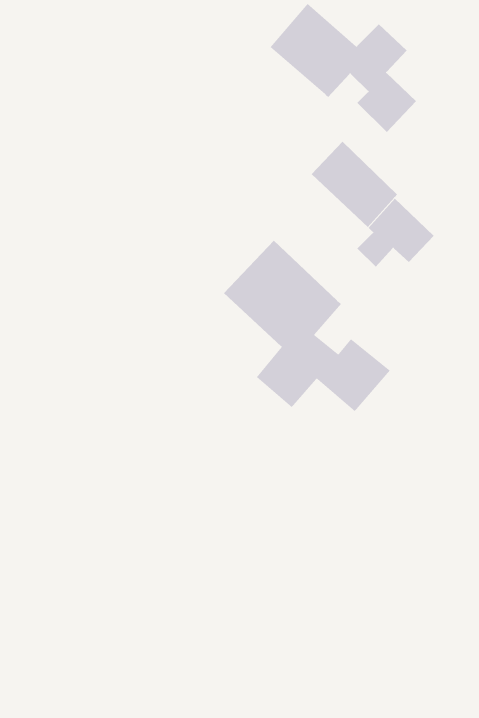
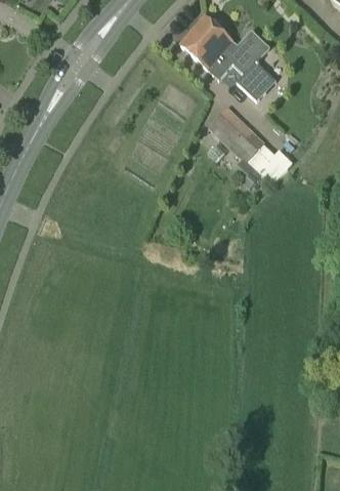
building: [223,240,391,412] -> none

